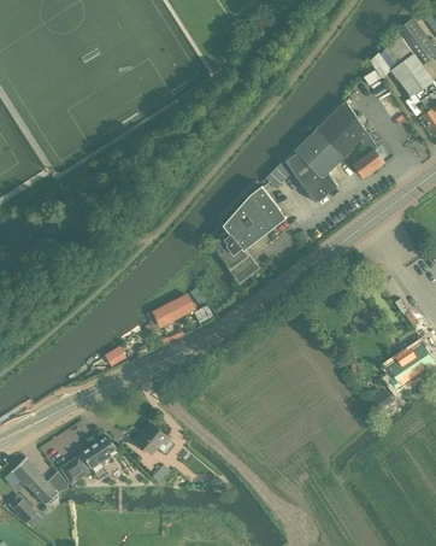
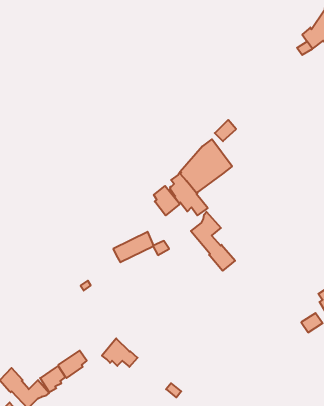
building: [285,100,383,201] -> none
building: none -> [154,186,180,215]
building: none -> [191,212,235,271]

